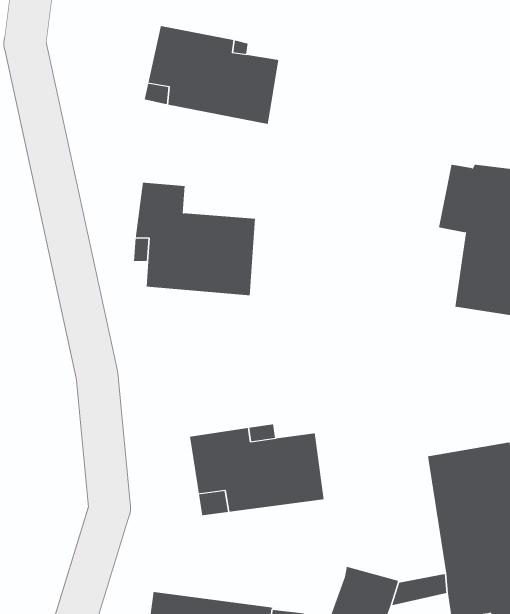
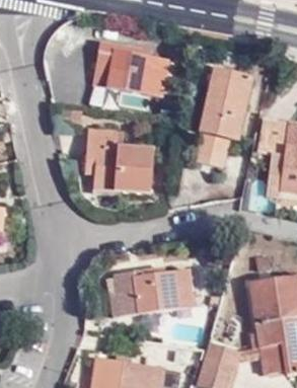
building: none -> [196,70,251,169]

